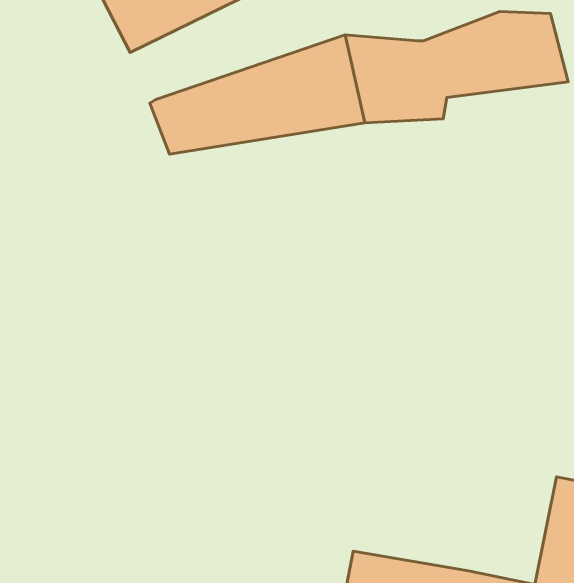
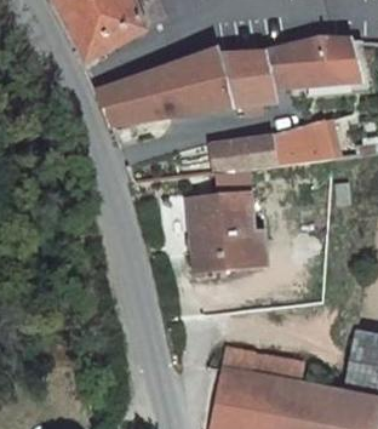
building: none -> [214,125,336,175]
building: none -> [189,195,269,267]
building: none -> [224,347,299,383]

